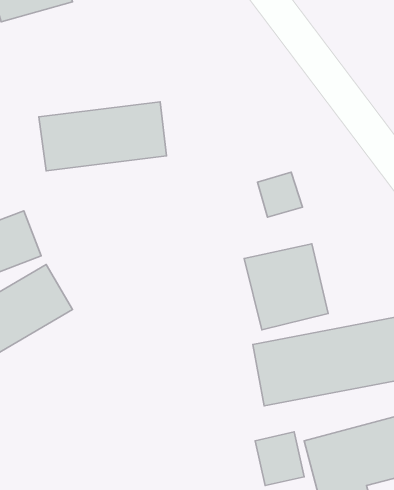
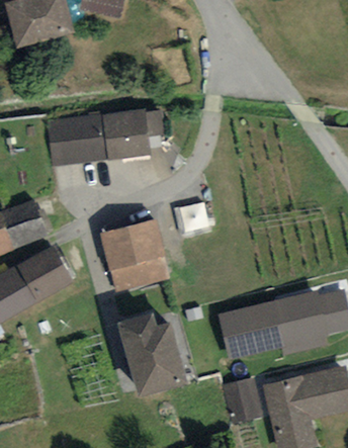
building: [257,172,303,217] -> [178,200,214,237]
building: [244,244,328,330] -> [100,221,168,291]
building: none -> [115,309,188,395]

